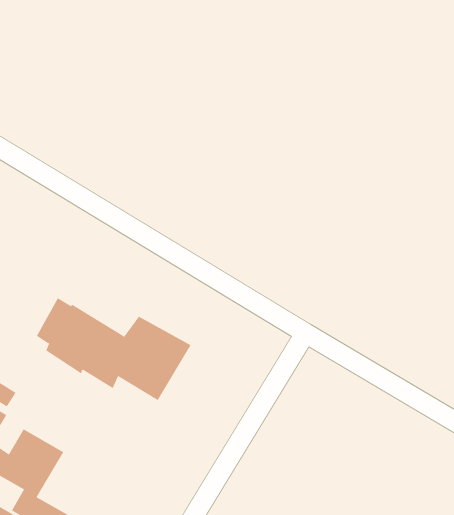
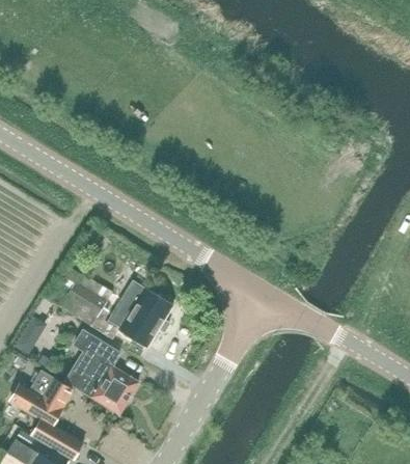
building: none -> [63,331,138,413]

